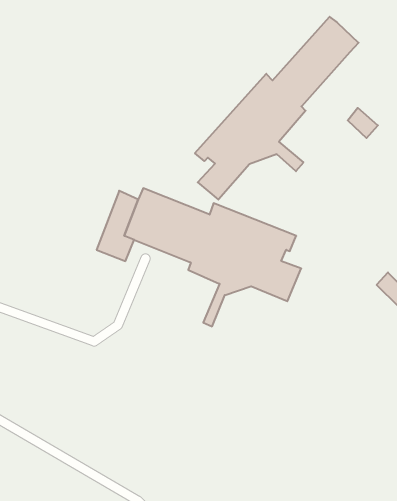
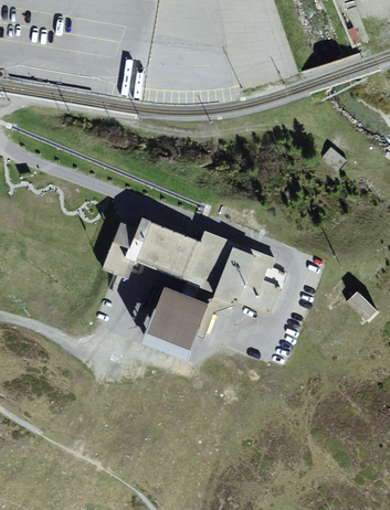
building: [195,17,359,200] -> none
building: none -> [140,281,209,354]

